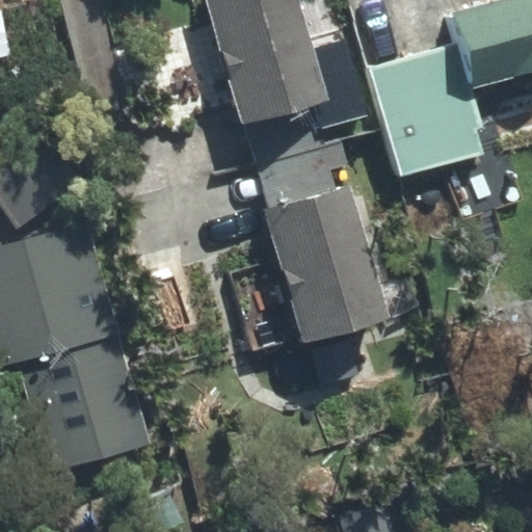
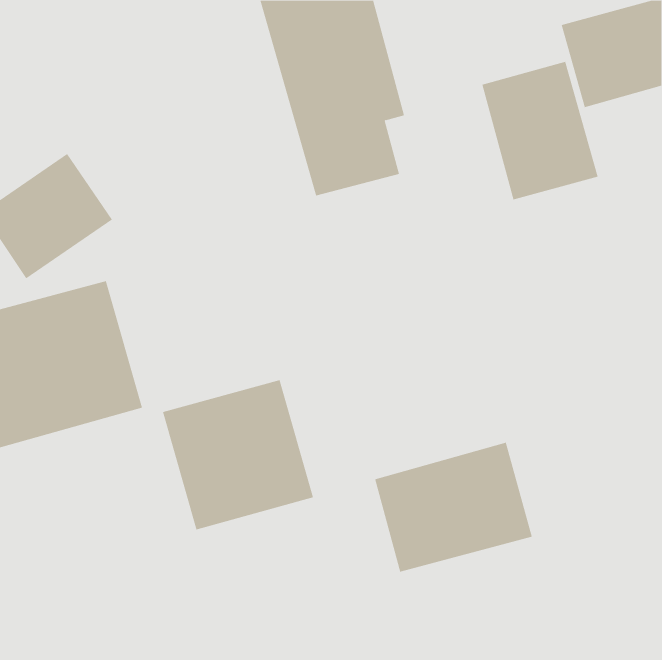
building: [262,156,385,336] -> none
building: [26,349,148,470] -> [162,379,314,530]
building: none -> [374,442,532,573]

